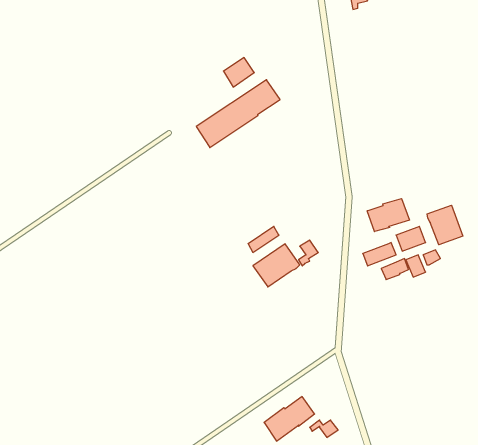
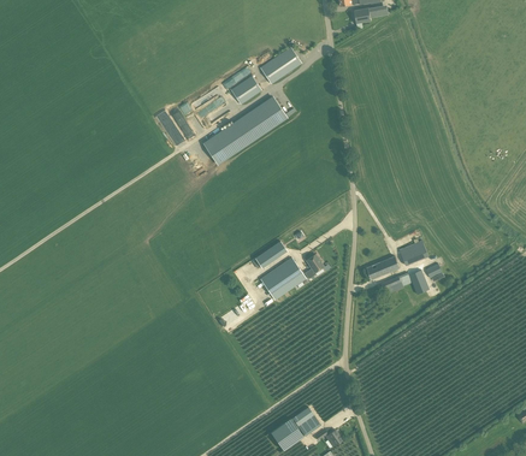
building: none -> [259,47,301,84]
building: [367,199,409,232] -> none
building: [427,205,463,245] -> none

